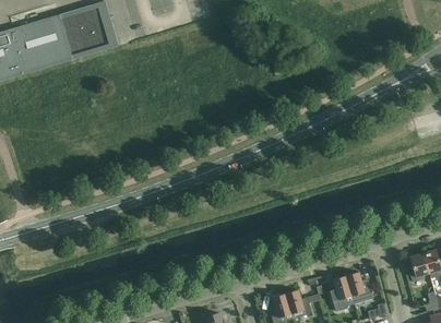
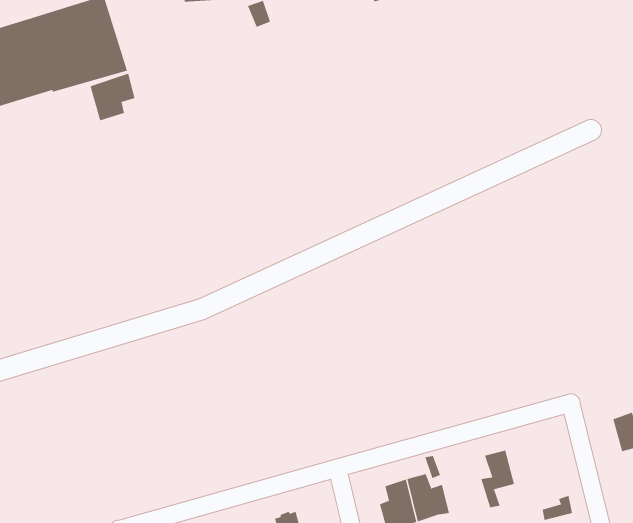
building: none -> [90,73,135,121]
building: [345,271,372,303] -> none

